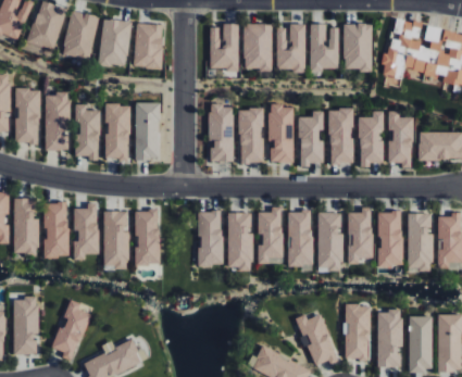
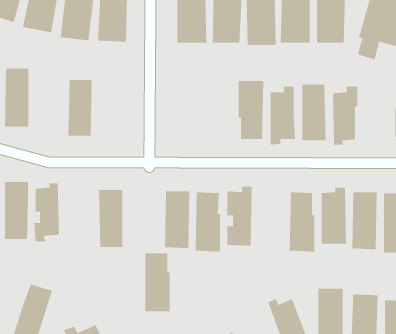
building: [135,102,160,160] -> none
building: [75,104,100,161] -> none
building: [209,104,234,161] -> none
building: [239,108,262,163] -> none
building: [388,111,412,167] -> none
building: [103,211,128,267] -> [144,253,170,312]
building: [288,211,312,266] -> none

